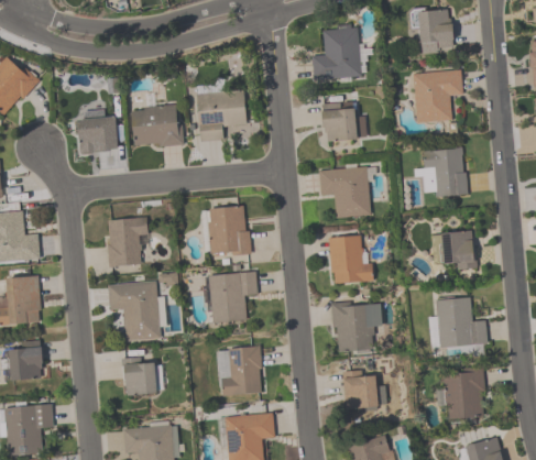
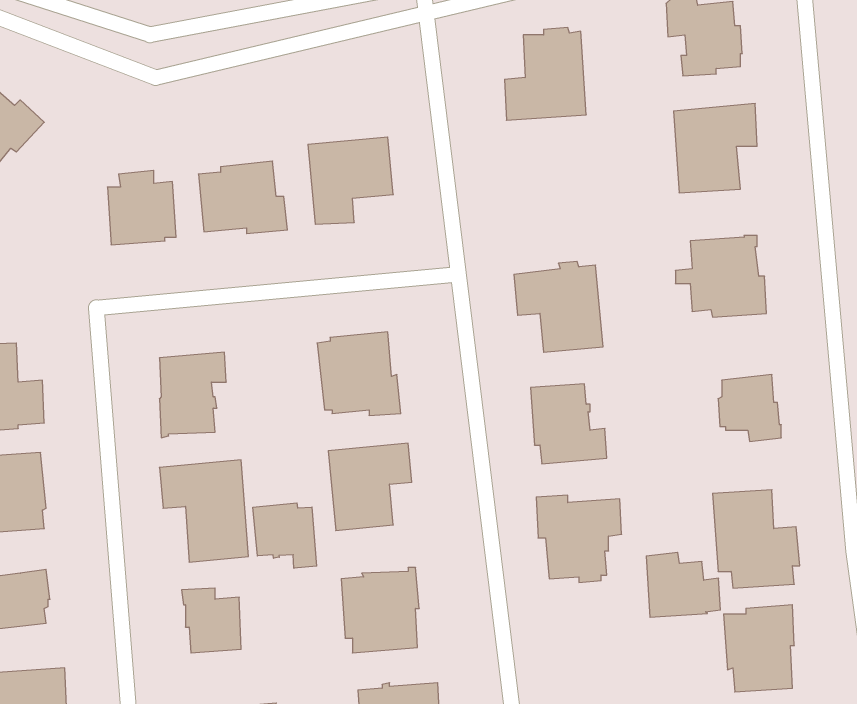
building: [321,101,367,141] -> none
building: none -> [253,503,317,568]
building: [342,370,386,408] -> [646,552,720,617]

